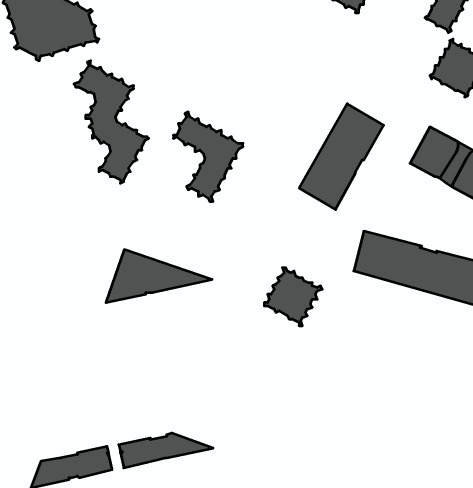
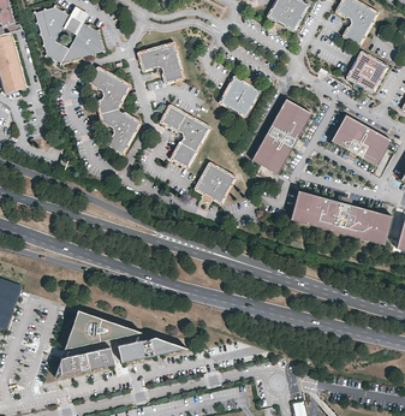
building: none -> [136,41,184,84]
building: none -> [218,75,260,117]
building: [106,250,212,303] -> [65,309,142,347]
building: [264,268,322,326] -> [193,162,236,204]

